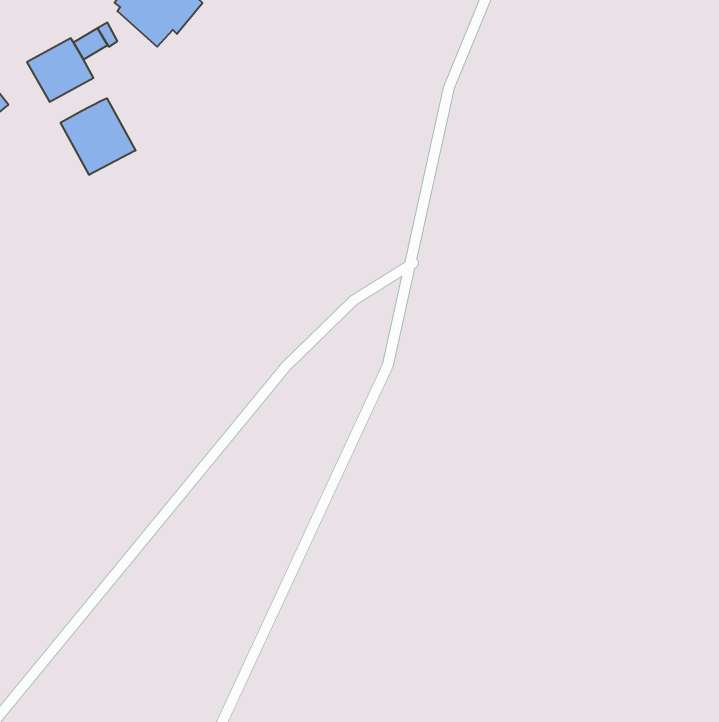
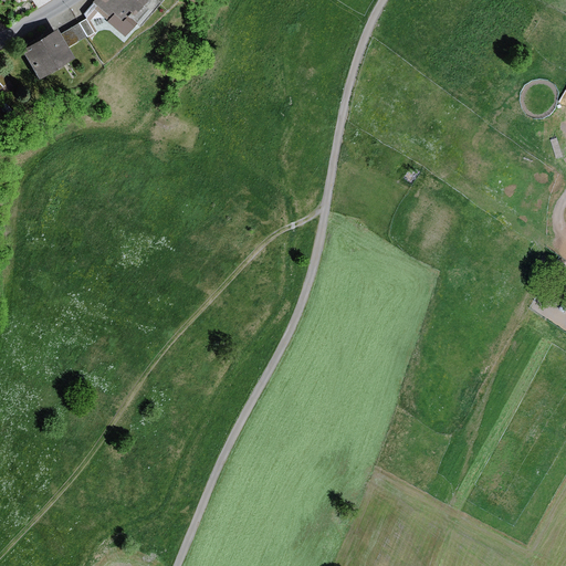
building: [61,98,136,175] -> none

